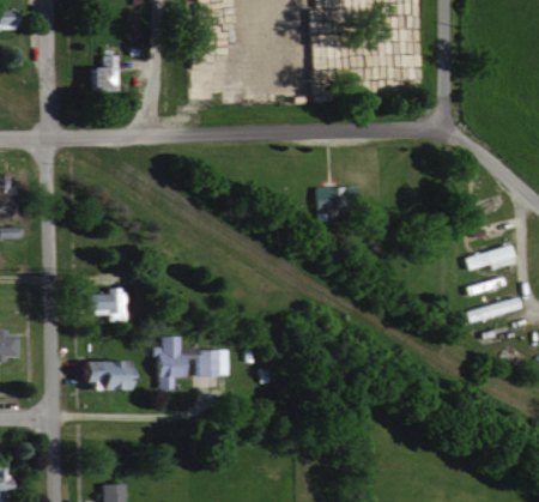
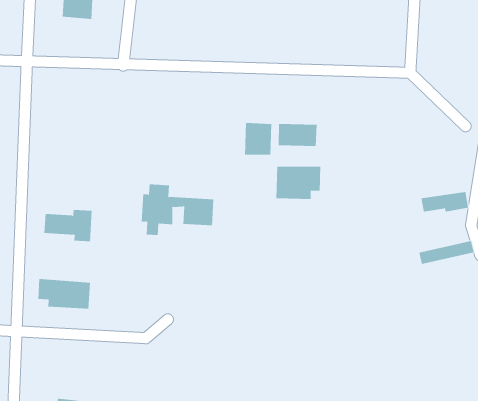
building: none -> [245,122,272,156]
building: none -> [276,166,321,200]
building: [159,335,234,388] -> [141,184,214,236]

